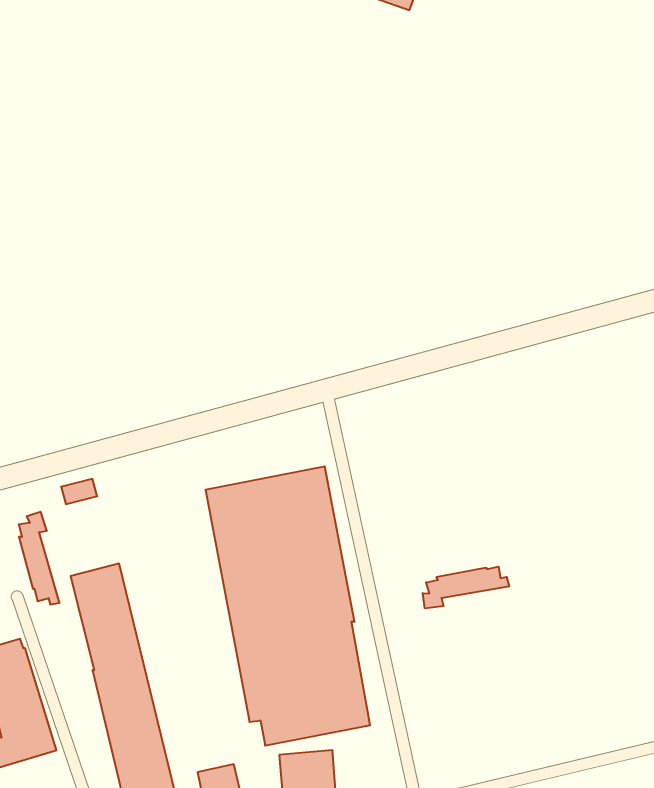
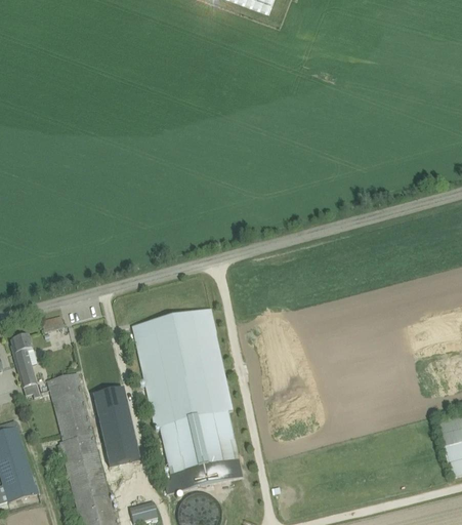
building: [423,567,509,608] -> none
building: none -> [92,387,139,466]

